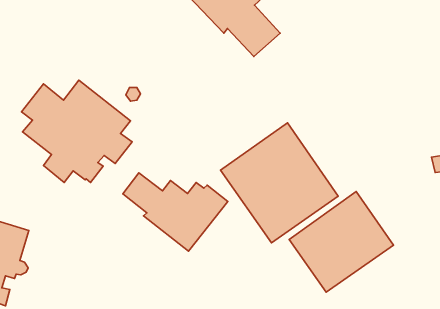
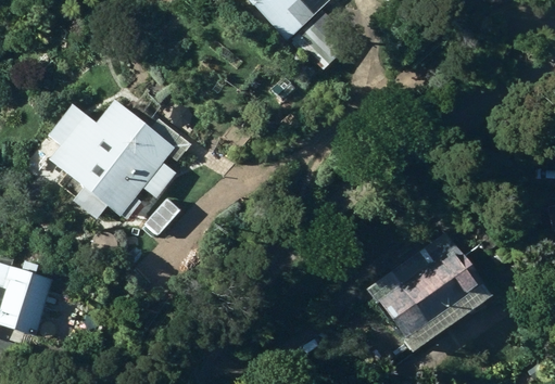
building: [221,123,338,243] -> none
building: [123,173,228,251] -> none

